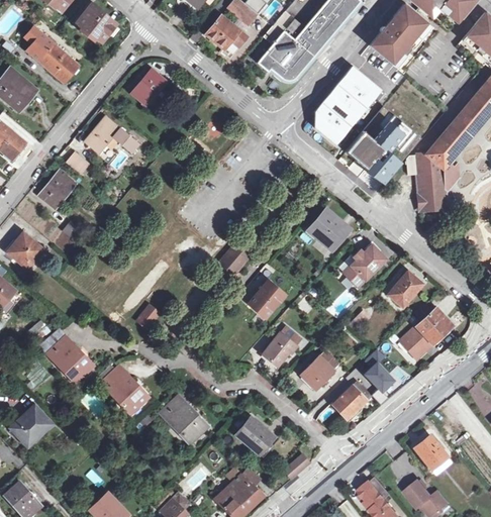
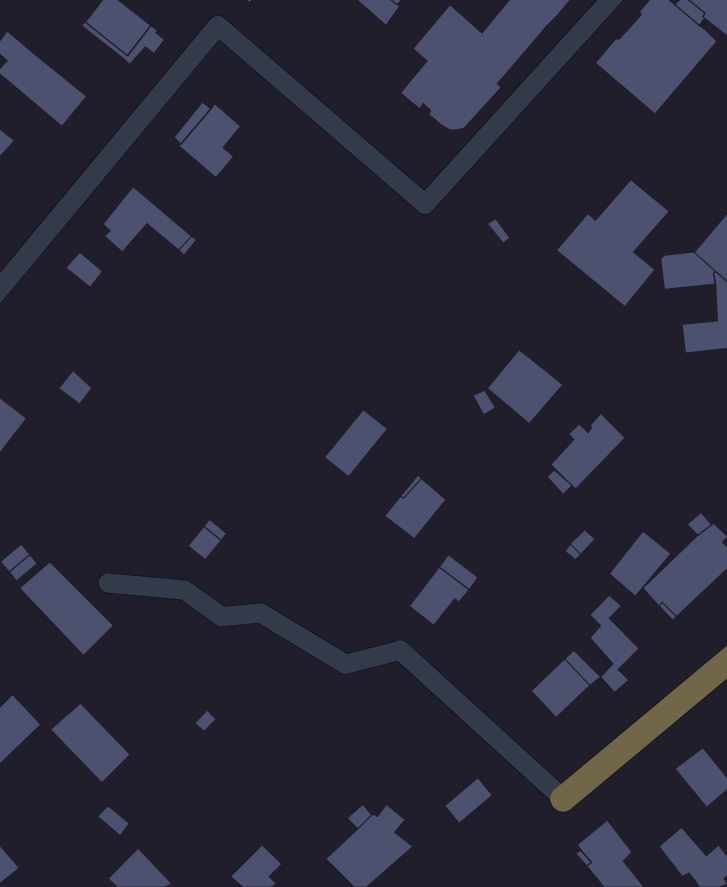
building: [206,14,248,55] -> none
building: [315,65,381,144] -> none
building: [39,170,76,207] -> none
building: [417,171,438,194] -> none
building: [388,270,423,307] -> [609,531,671,596]
building: [301,349,338,388] -> none
building: [102,367,148,412] -> [50,703,130,783]
building: [161,396,208,442] -> none
building: [235,416,274,453] -> none

